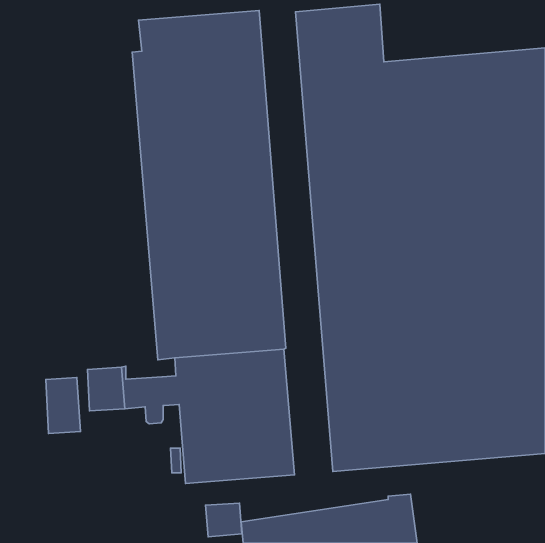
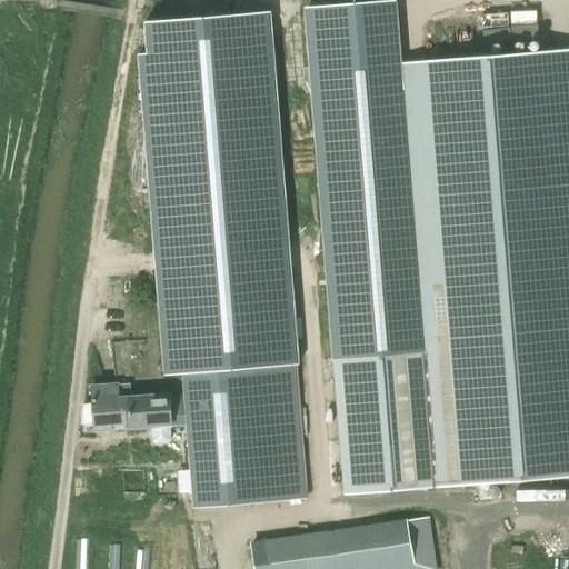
building: [46,378,81,433] -> none
building: [206,503,242,537] -> none

